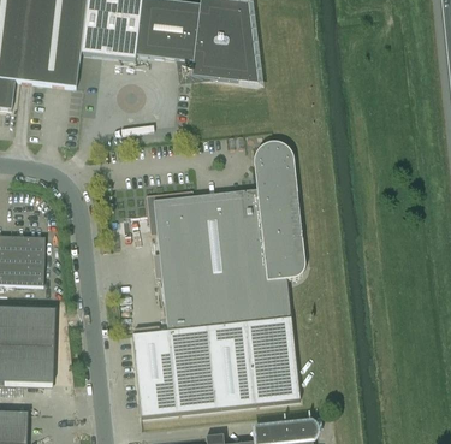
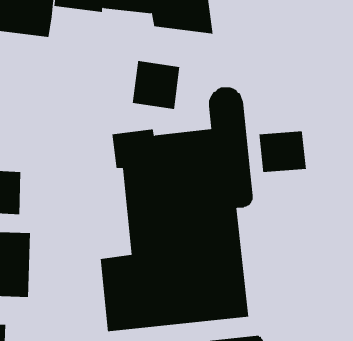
building: none -> [132,60,180,110]
building: none -> [259,130,306,173]

